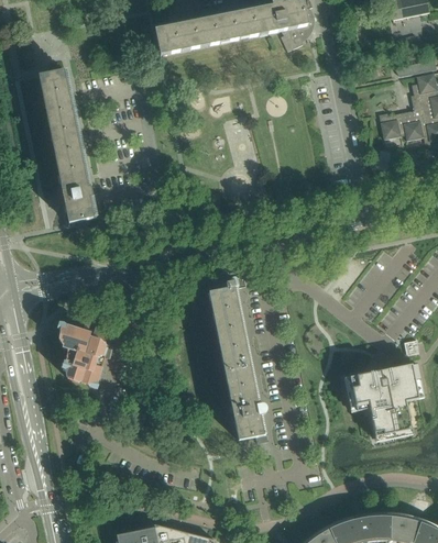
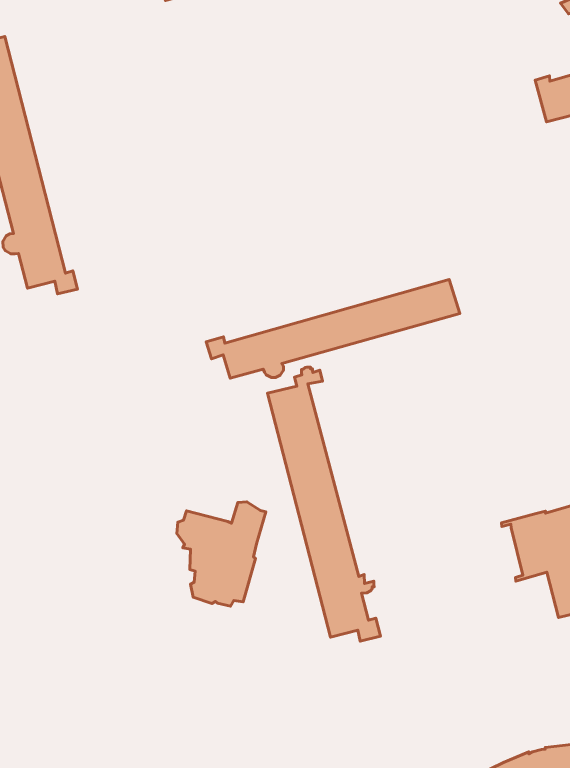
building: none -> [206,279,460,378]
building: [58,322,112,384] -> [177,502,266,606]

